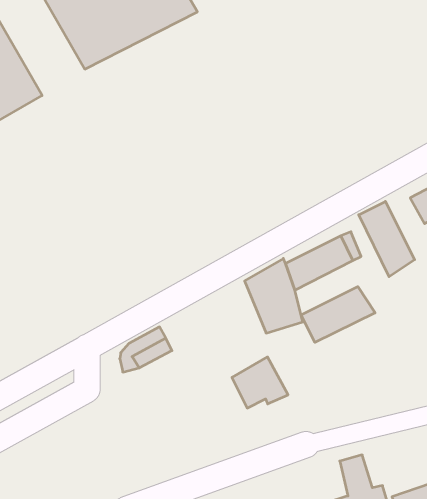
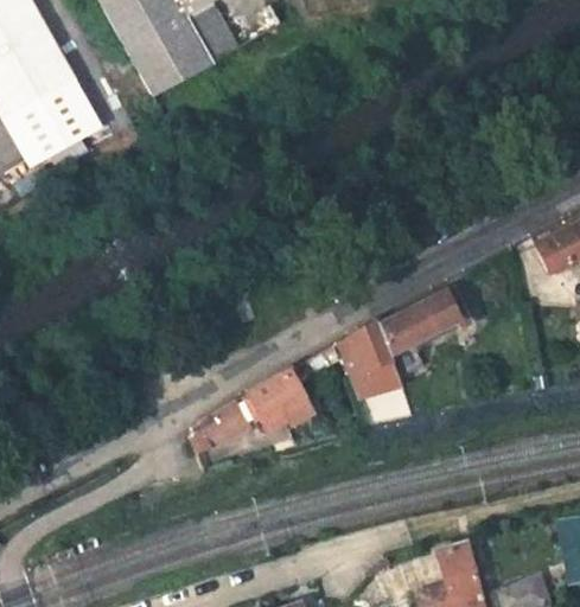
building: [359,201,415,277] -> none
building: [301,287,375,342] -> none
building: [232,357,288,408] -> [249,365,314,424]

